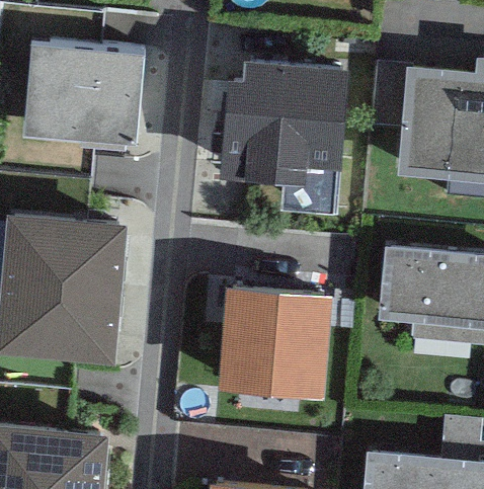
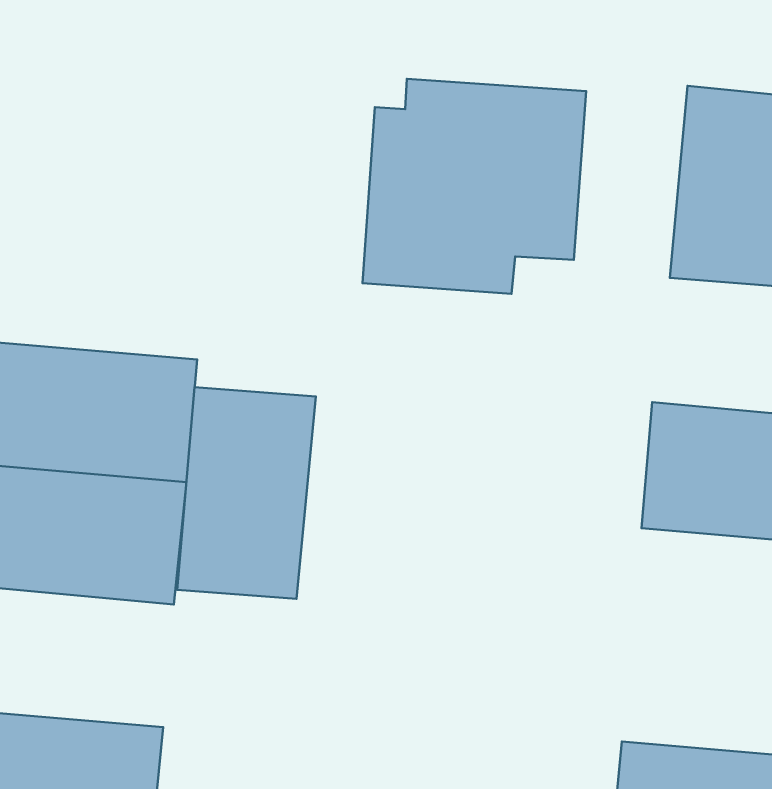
building: [24,47,144,147] -> none
building: none -> [177,387,316,599]
building: [220,290,331,400] -> none

